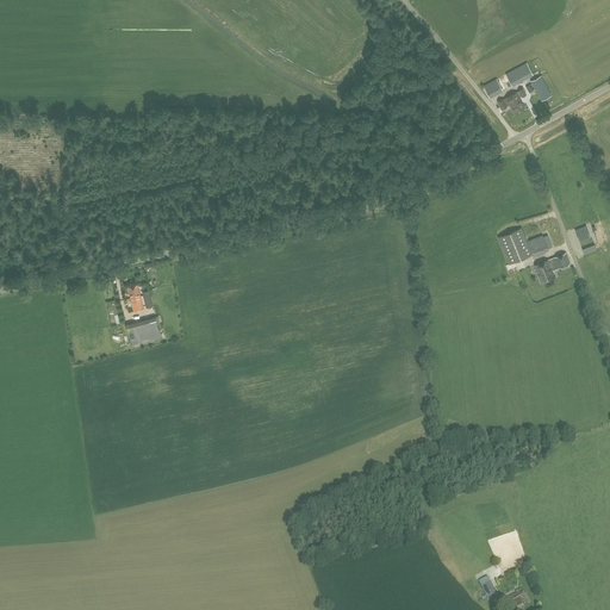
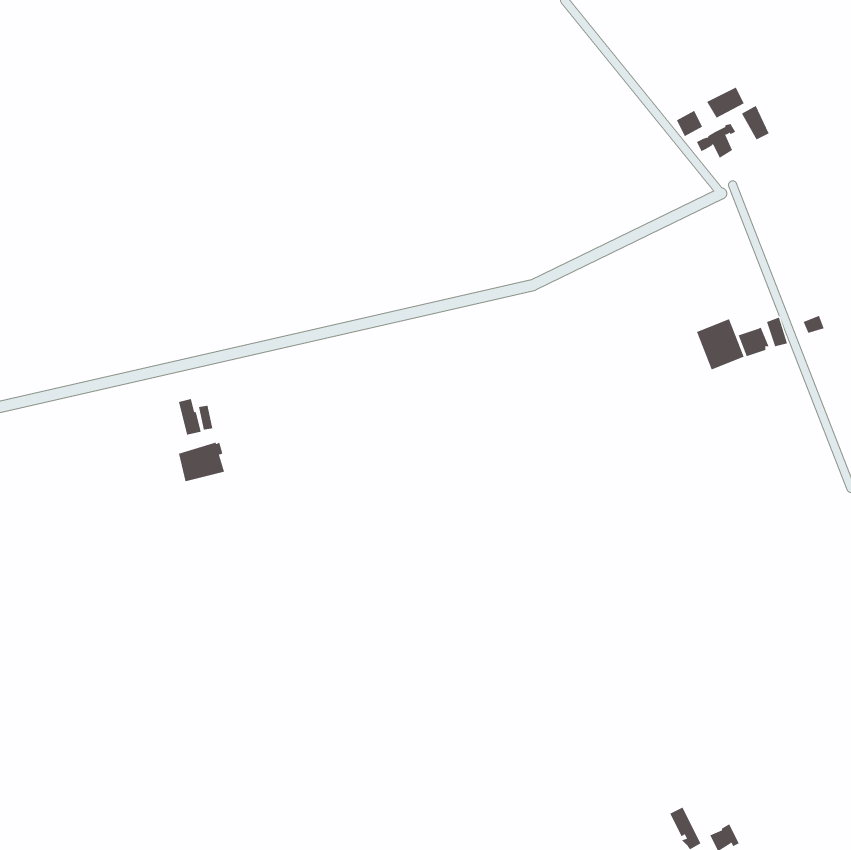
building: [534,254,569,284] -> none

